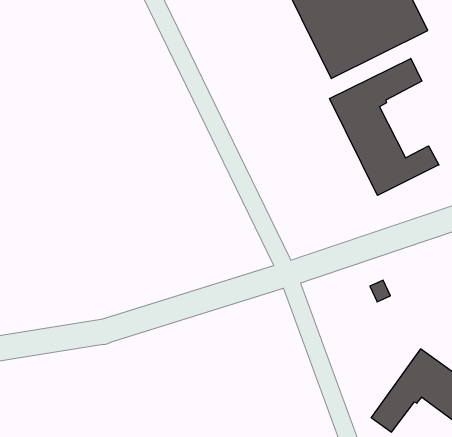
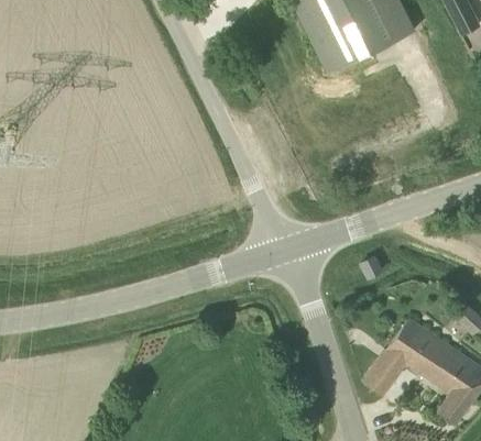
building: [329,58,439,195] -> none

